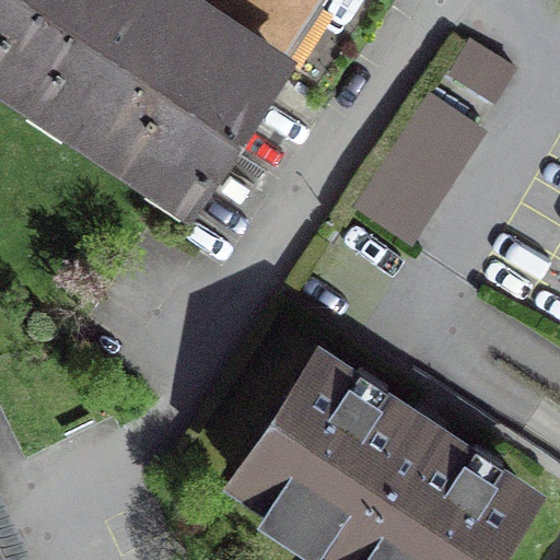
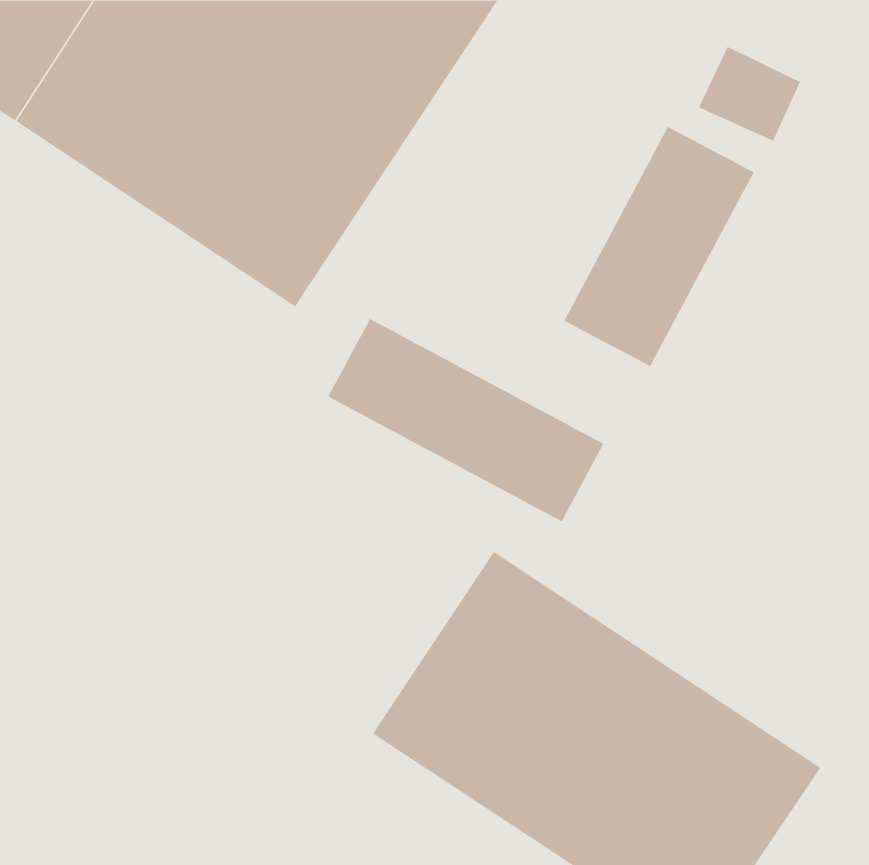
building: none -> [327,318,604,522]

